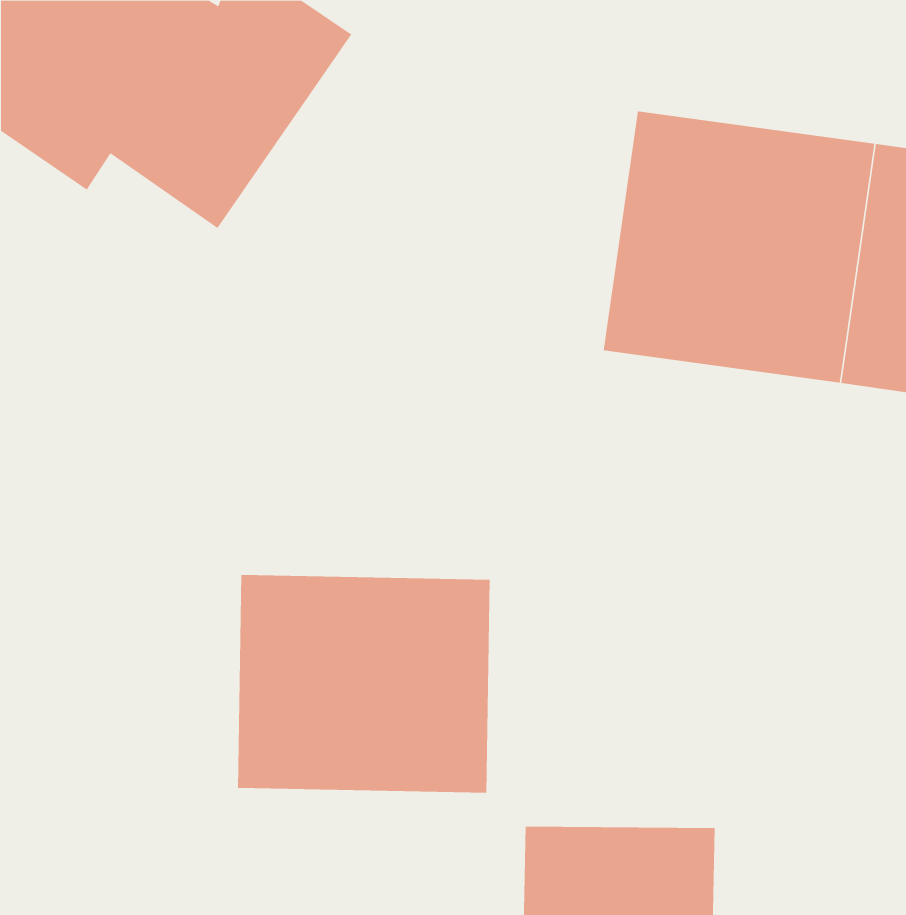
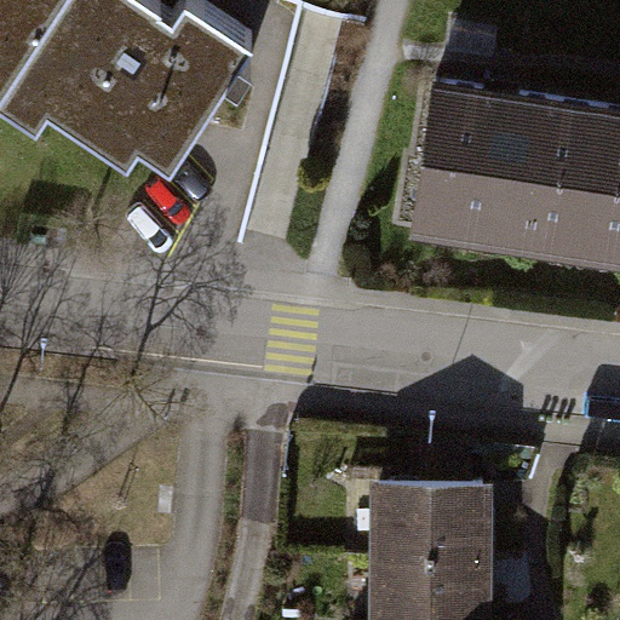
building: [238,574,490,794] -> none
building: none -> [364,481,493,561]

